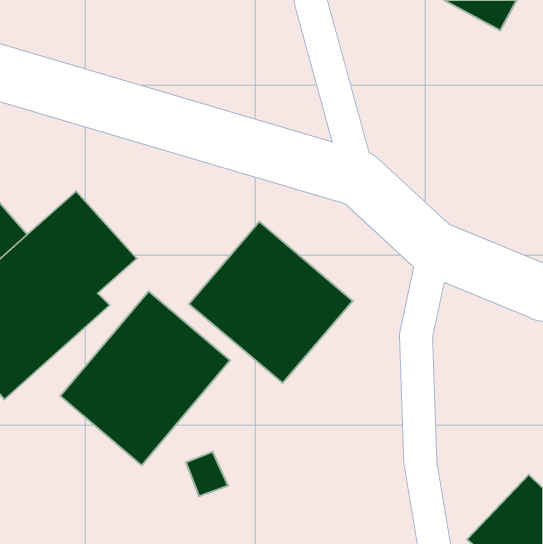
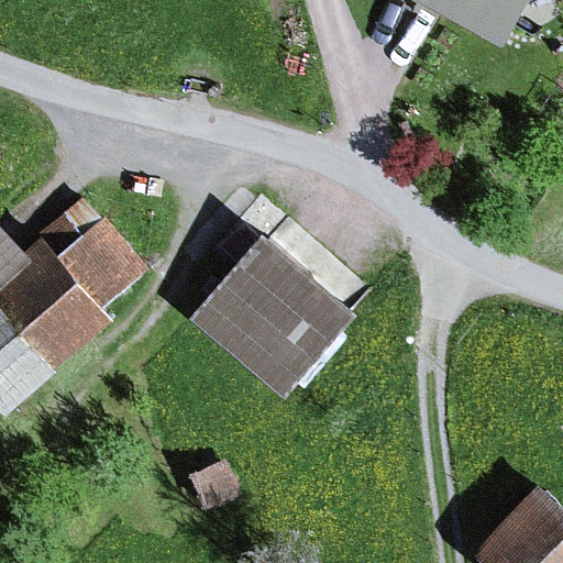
building: [60,291,230,465] -> none

